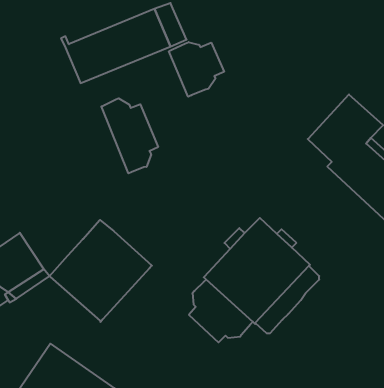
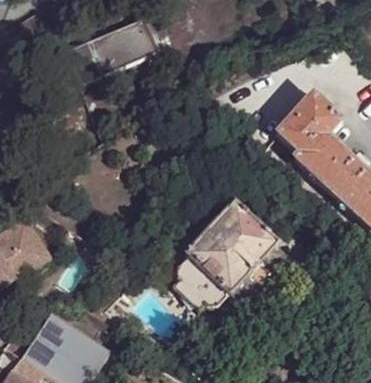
building: [169,42,224,97] -> none
building: [101,98,158,173] -> none
building: [49,220,152,322] -> none

